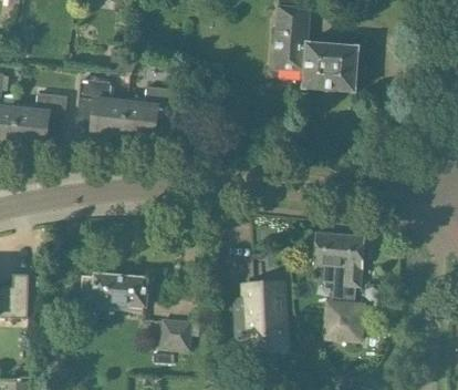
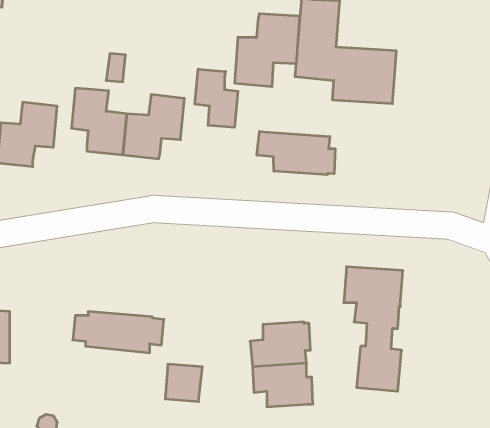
building: none -> [235,14,300,87]
building: none -> [195,69,238,127]
building: none -> [257,131,335,175]

